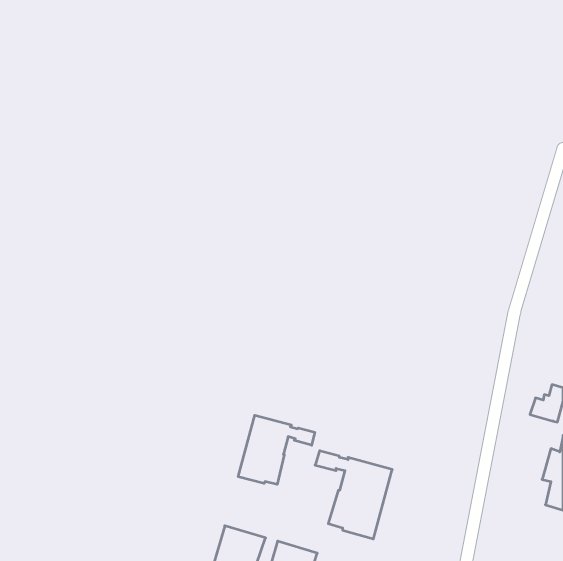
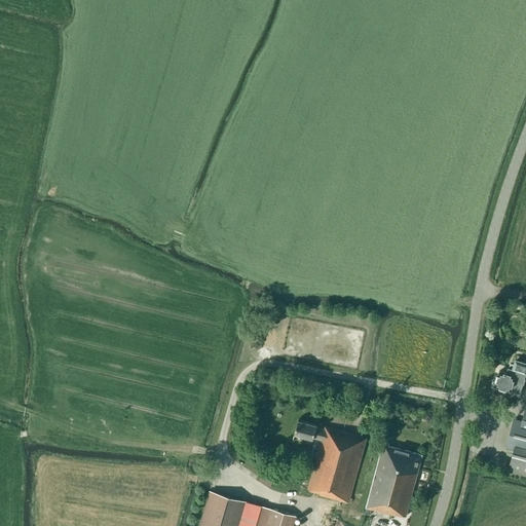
building: [238,415,315,484] -> none
building: none -> [365,446,422,518]

